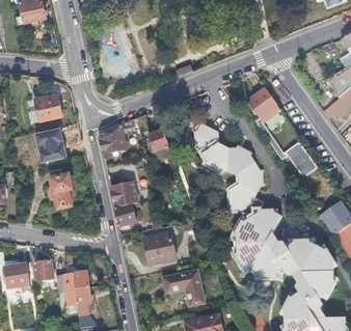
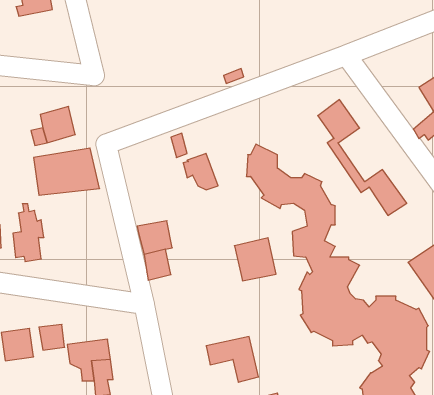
building: [100,122,126,154] -> none
building: [49,162,73,206] -> [13,204,44,262]
building: [143,231,176,265] -> [234,238,276,281]

